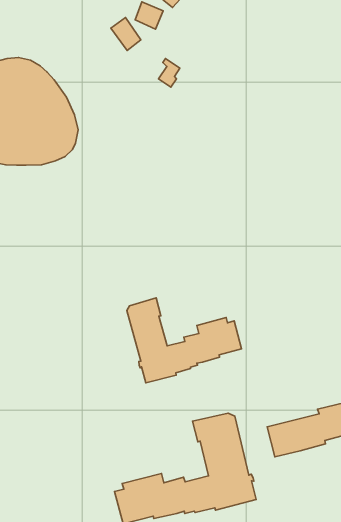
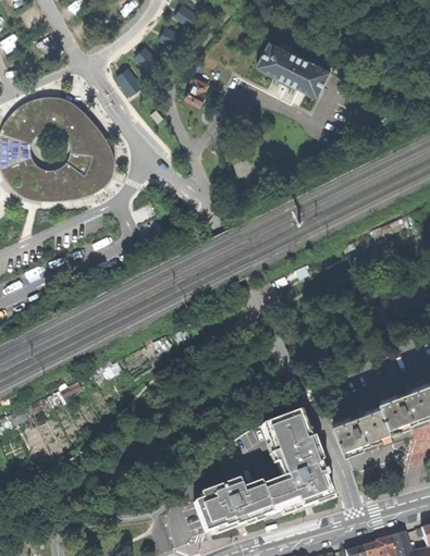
building: none -> [256,42,331,98]
building: none -> [115,66,145,97]
building: [127,298,242,383] -> none

